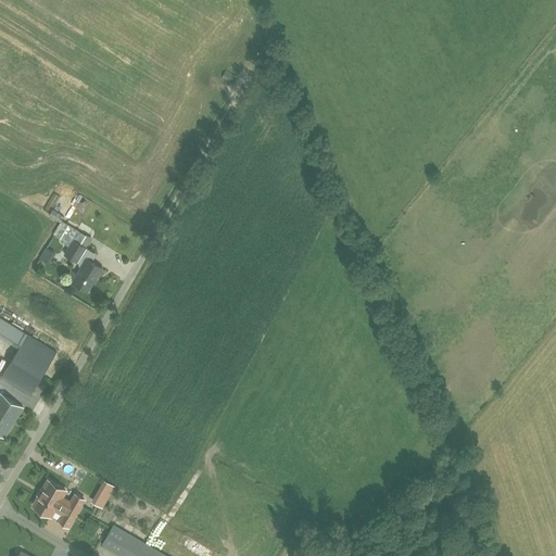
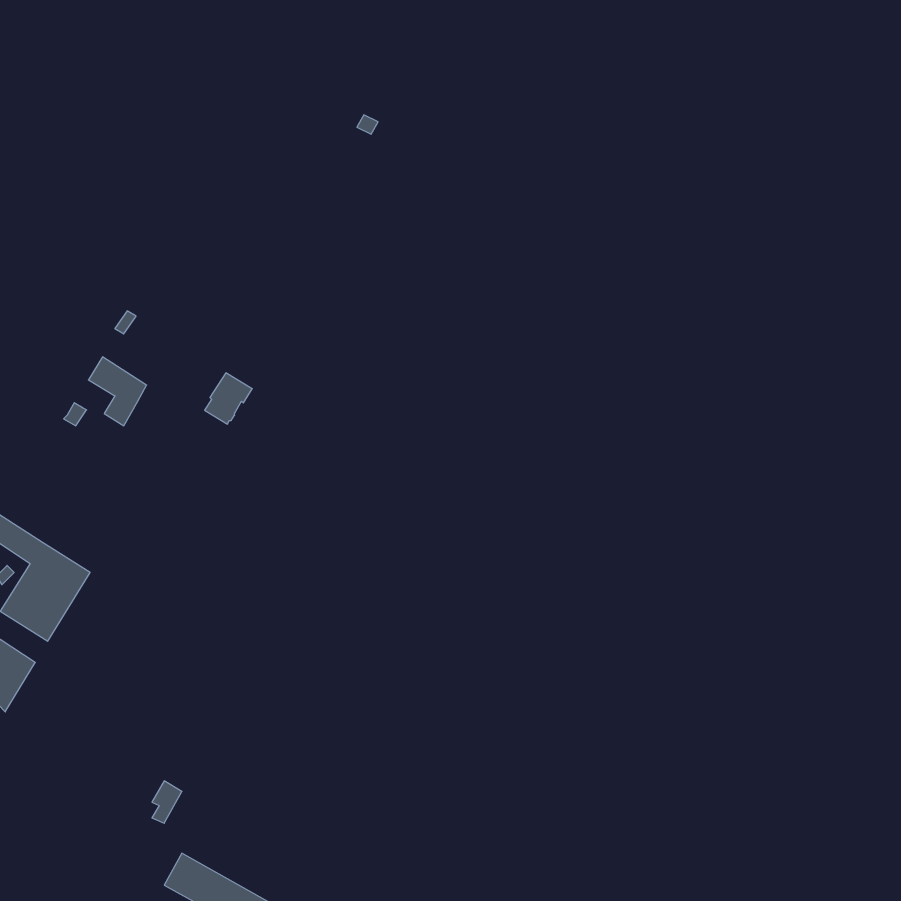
building: [73,260,102,291] -> [205,373,252,424]
building: [33,481,84,527] -> none

